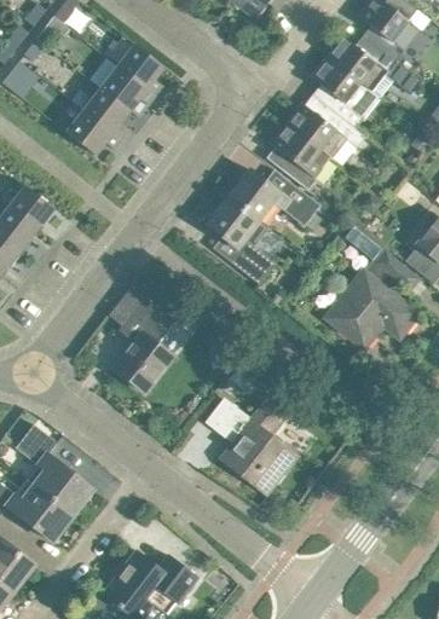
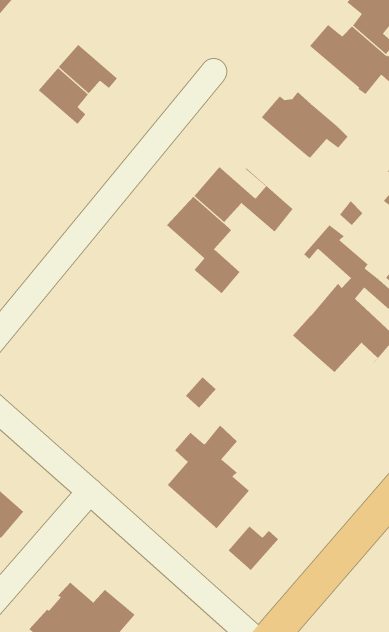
building: [117,45,164,96] -> none
building: [310,57,379,128] -> none
building: [65,110,121,155] -> none
building: [270,123,330,190] -> none
building: [114,297,174,392] -> none
building: none -> [228,525,279,571]

